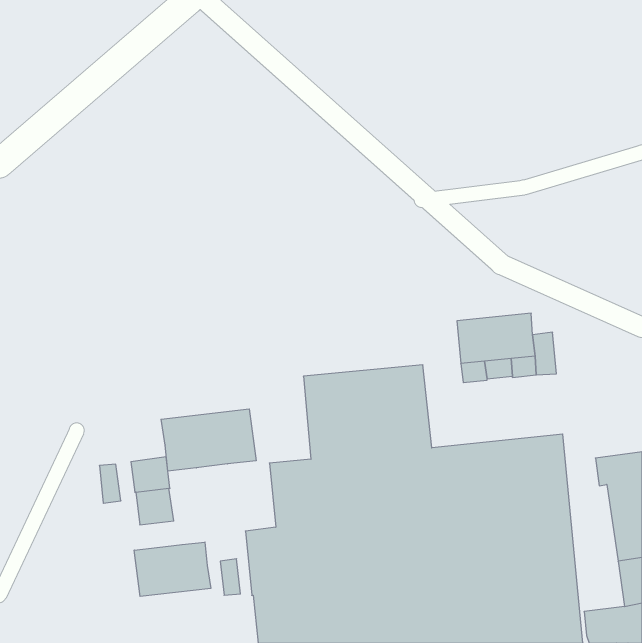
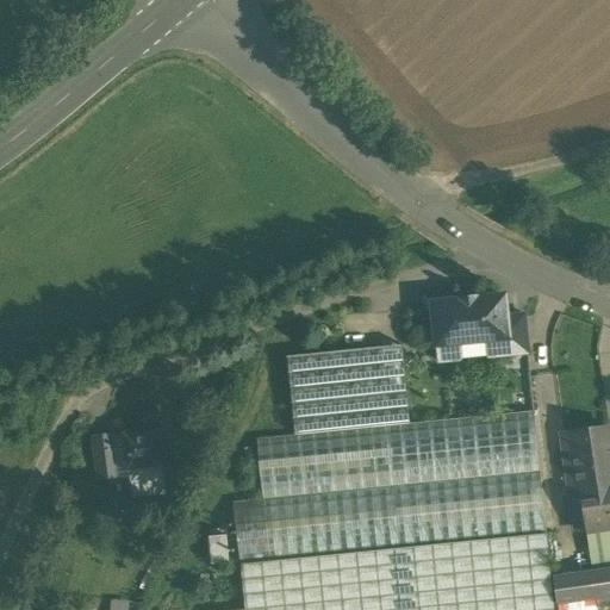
building: [161,409,256,471] -> none
building: [134,542,211,596] -> none

